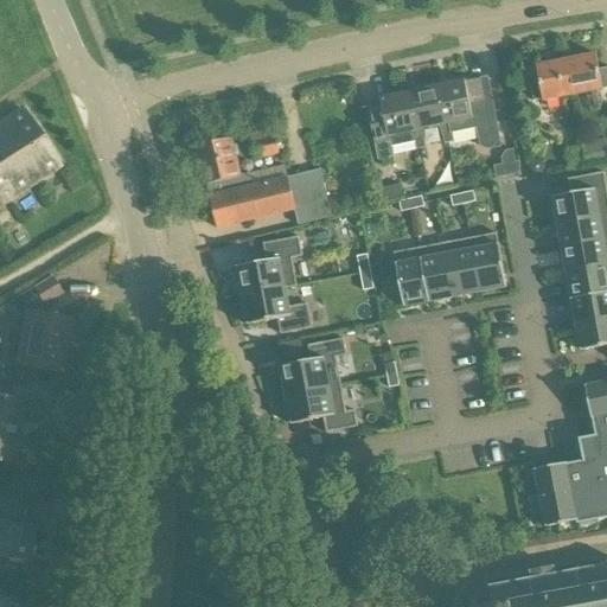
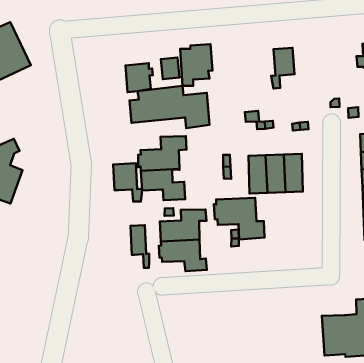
building: [435,78,501,146] -> none
building: [365,90,416,156] -> [180,44,212,86]
building: [471,231,506,290] -> none
building: none -> [113,163,142,202]
building: none -> [214,198,265,240]
building: none -> [130,225,149,268]

